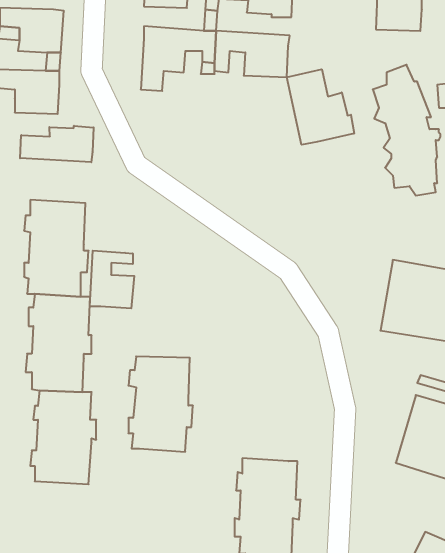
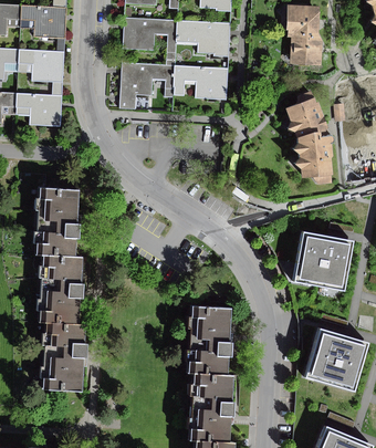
building: [287,69,354,145] -> none
building: [20,126,94,162] -> none
building: [90,251,134,308] -> none
building: [128,356,193,452] -> [186,306,232,375]

